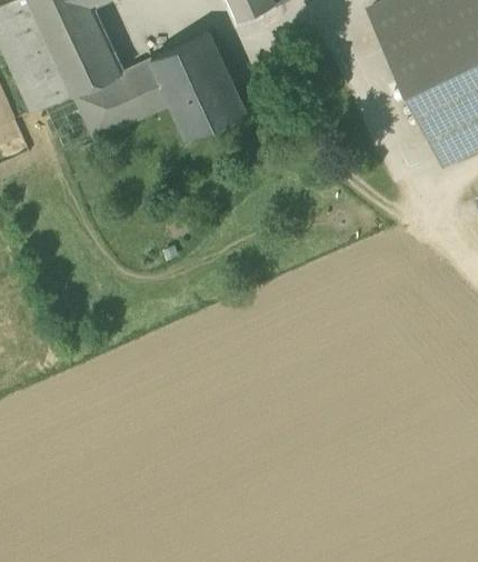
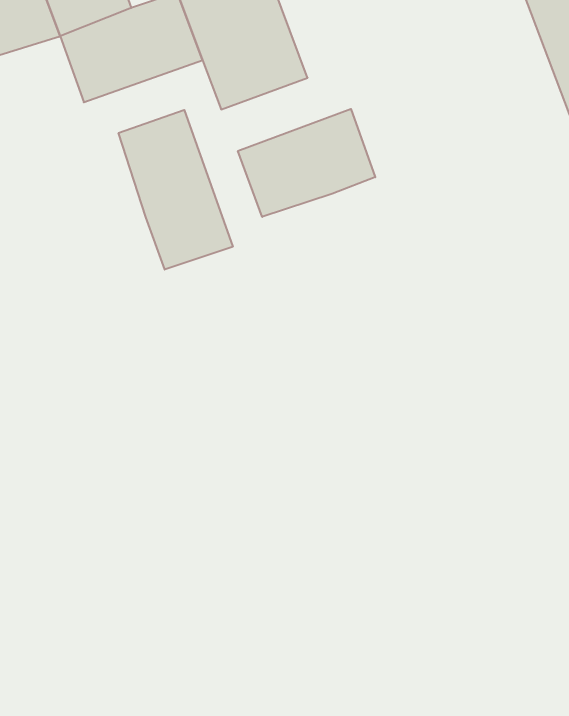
building: none -> [238,109,375,217]
building: none -> [119,110,233,270]

